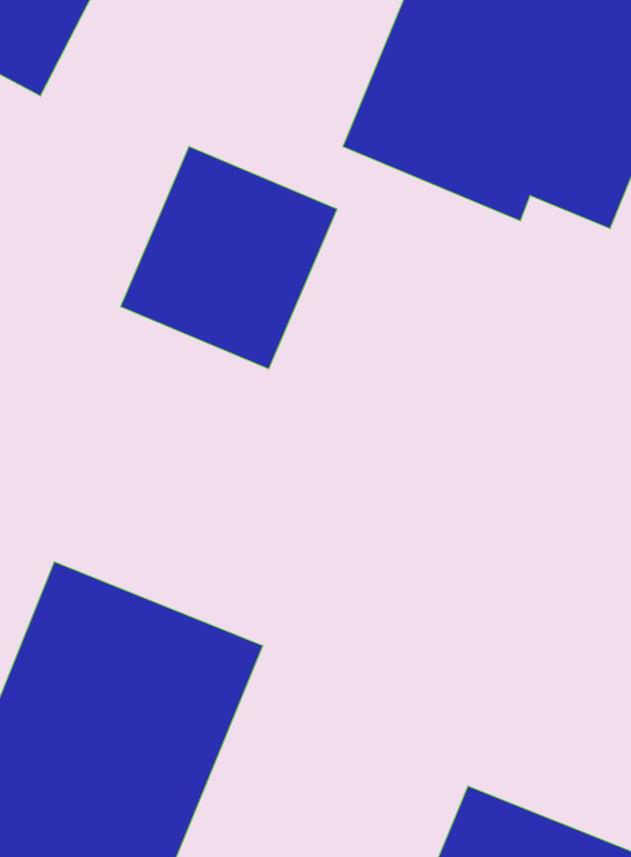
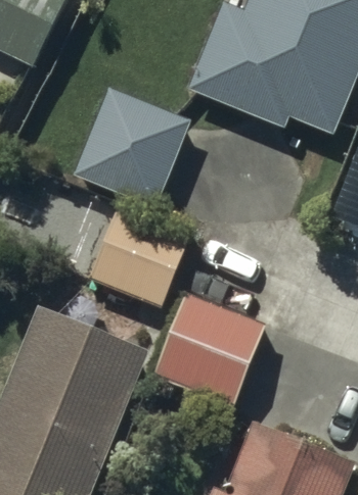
building: none -> [90,205,188,303]
building: none -> [155,293,264,401]

